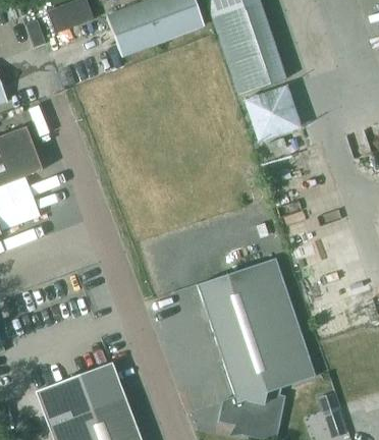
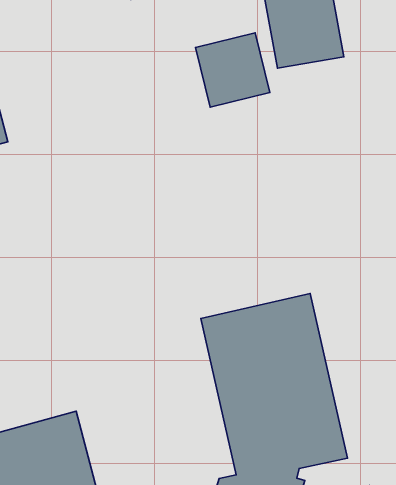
building: [242,86,301,144] -> [195,33,270,107]

